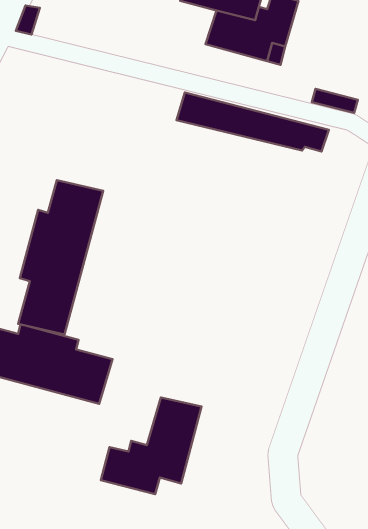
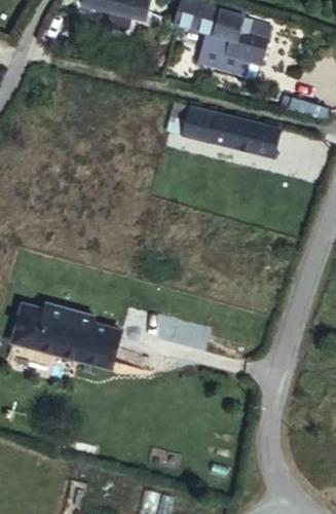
building: [18,180,103,334] -> none
building: [101,398,202,494] -> none

